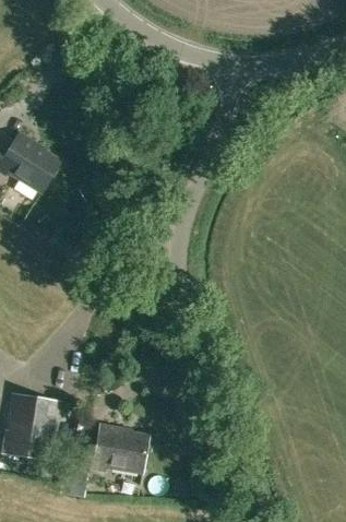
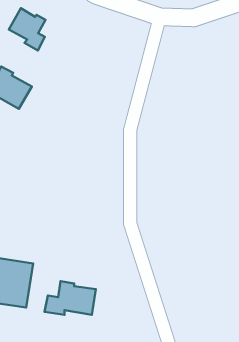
building: none -> [9,8,46,51]

